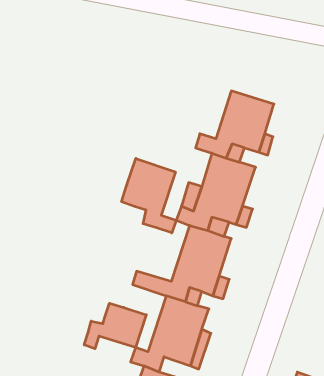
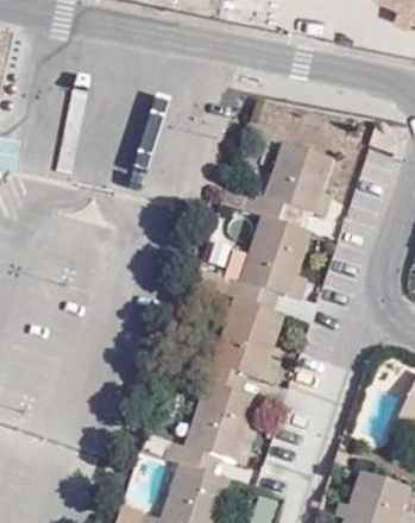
building: [122,158,176,233] -> none
building: [84,303,146,349] -> none

